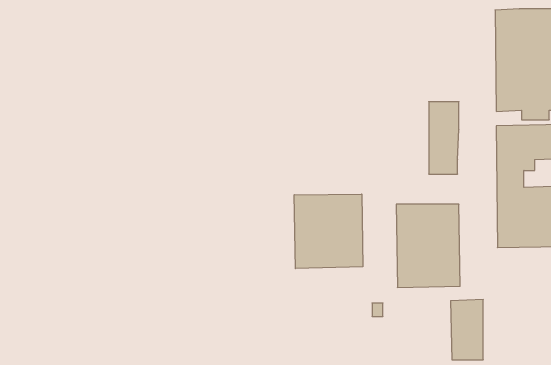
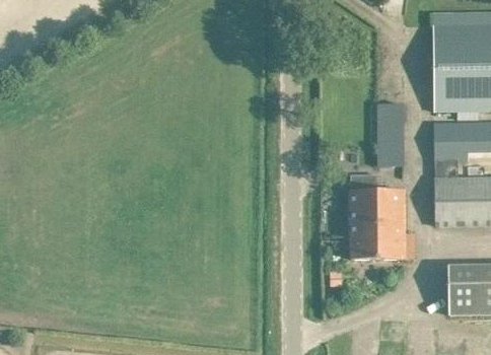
building: [294,194,363,269] -> none
building: [451,300,483,360] -> [447,263,475,313]

